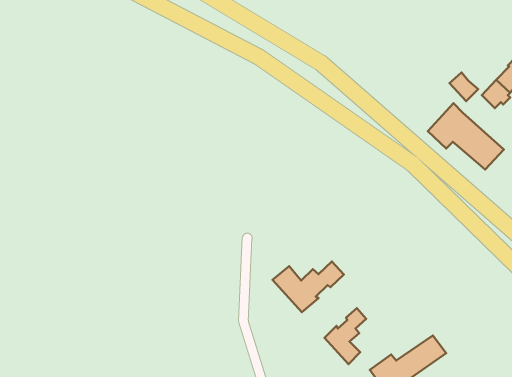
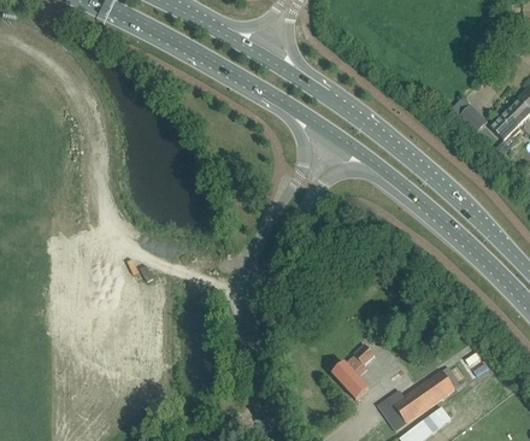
building: [428,103,504,170] -> none
building: [273,262,344,312] -> none

